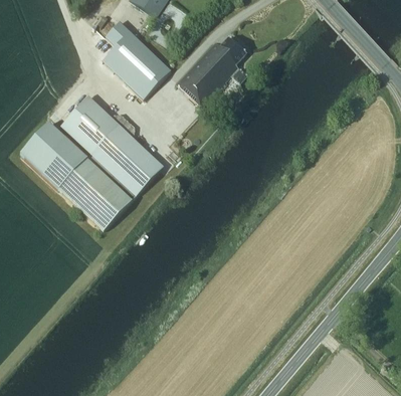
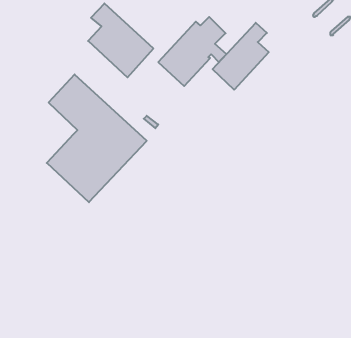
building: none -> [213,23,269,90]
building: [21,123,86,188] -> none

